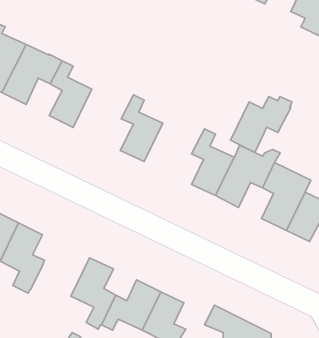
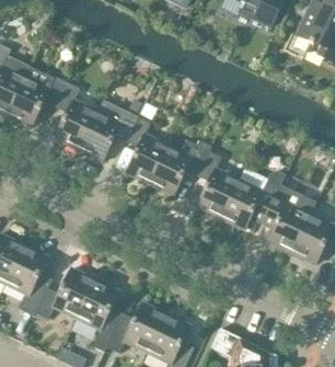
building: none -> [79,101,139,161]
building: [231,96,292,152] -> [150,140,211,196]
building: none -> [36,268,95,319]

